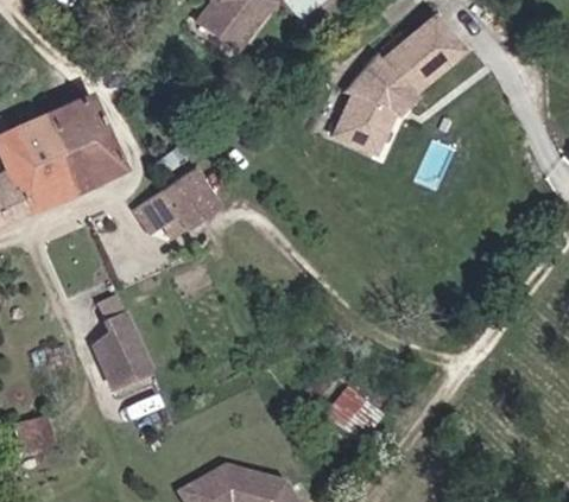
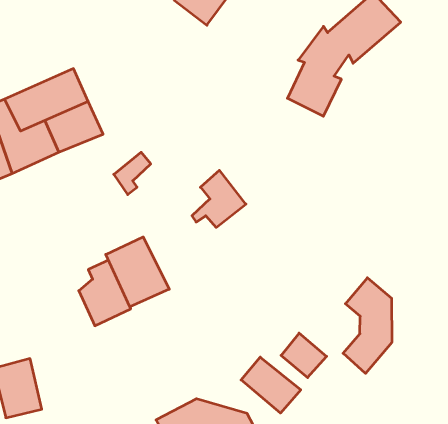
building: [160,171,221,235] -> [192,170,246,227]
building: none -> [106,237,169,307]
building: none -> [343,278,392,373]
building: none -> [241,357,301,413]

